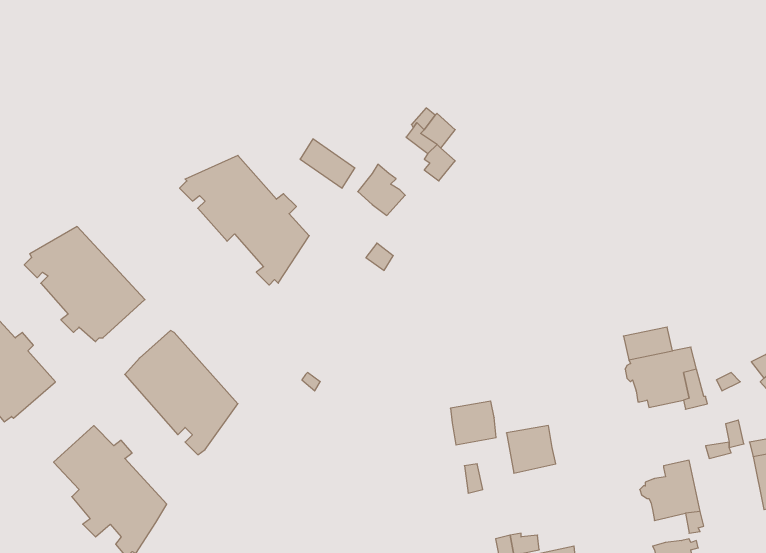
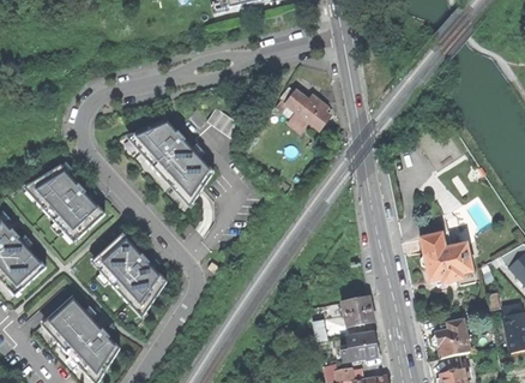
building: [358,164,405,215] -> [298,95,330,128]
building: [450,401,496,445] -> [346,331,376,360]

